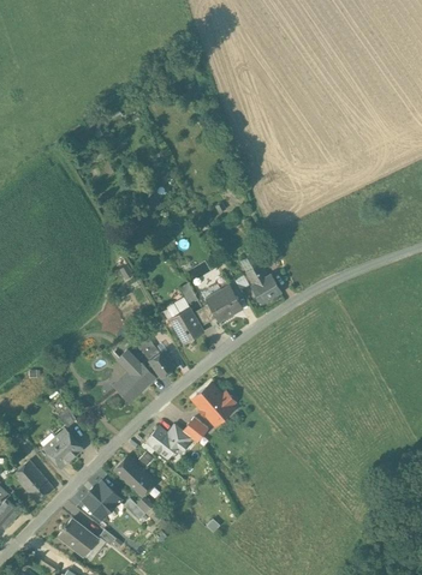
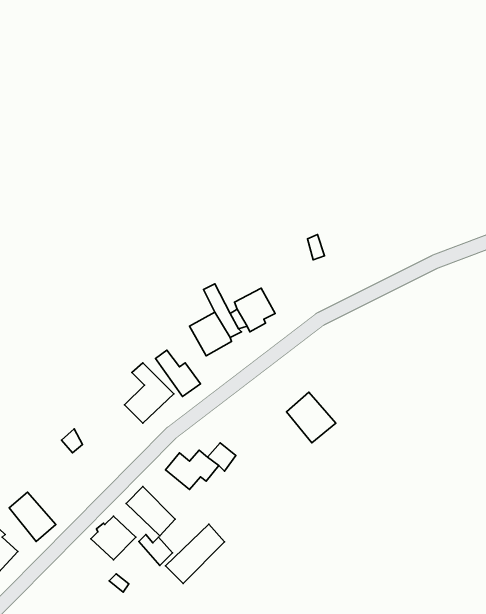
building: [246,264,281,304] -> none
building: [192,382,234,425] -> [286,392,336,443]
building: [43,427,83,467] -> none
building: none -> [166,524,225,583]
building: [57,519,96,556] -> none

